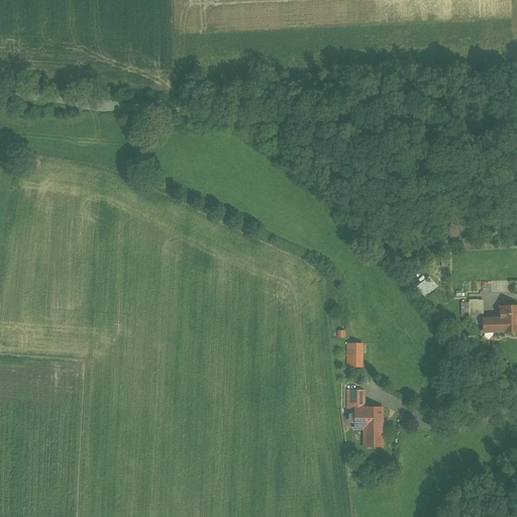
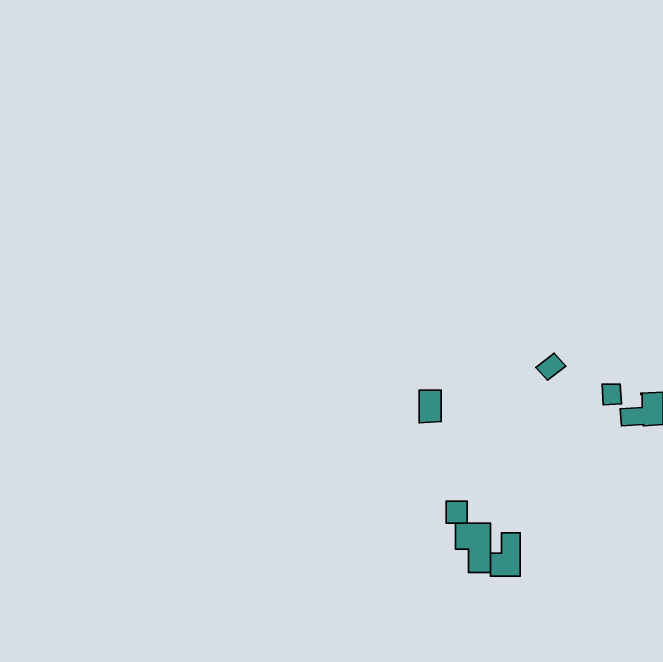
building: [347,341,365,367] -> [419,390,441,423]
building: none -> [490,533,520,576]

